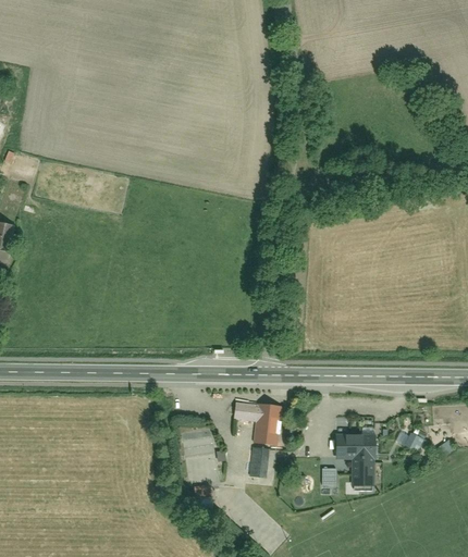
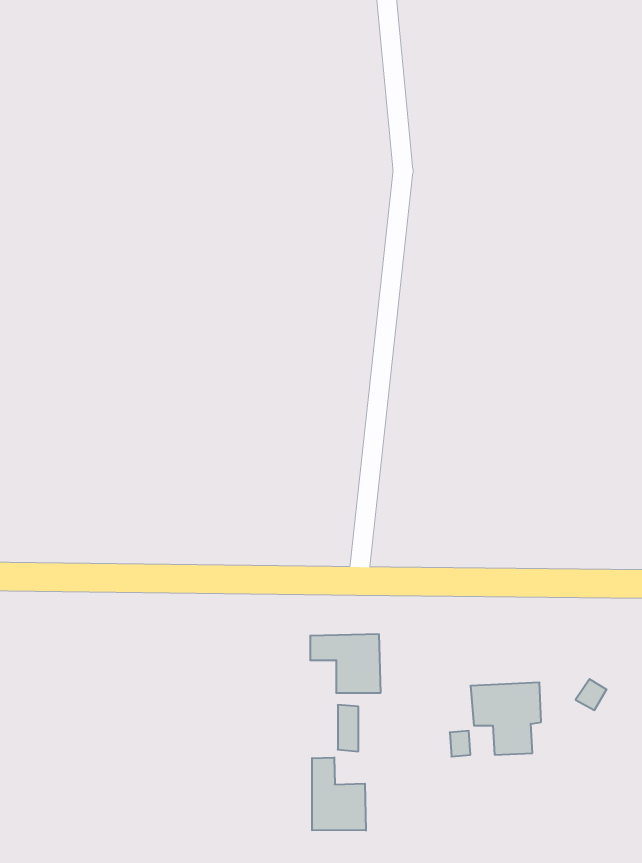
building: none -> [312,757,366,831]

